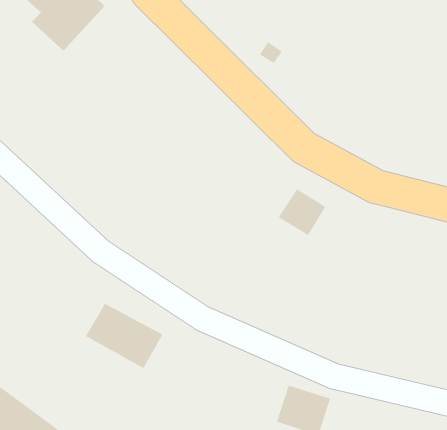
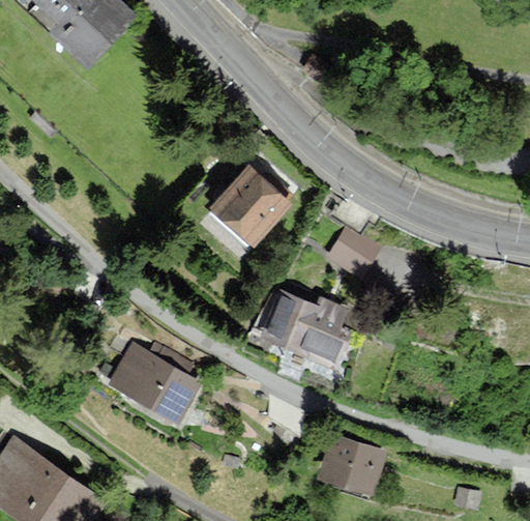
building: none -> [210,166,290,244]
building: none -> [261,291,348,370]

